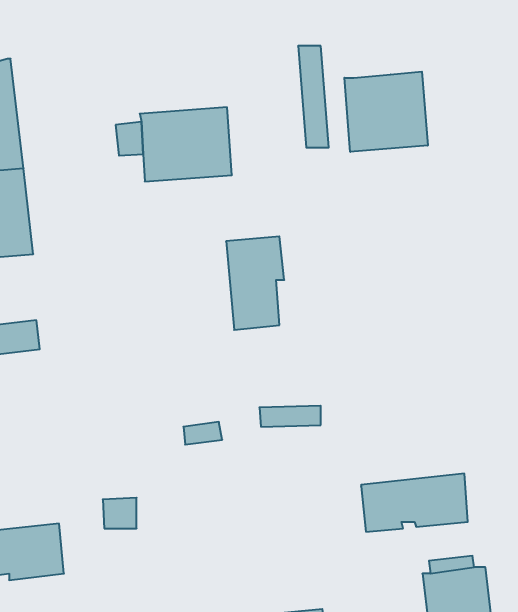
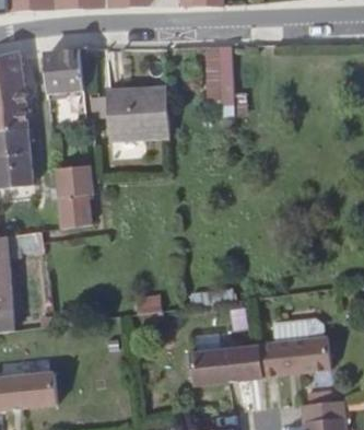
building: none -> [44,49,84,96]
building: [344,72,428,152] -> none
building: [226,236,284,330] -> [56,165,95,229]
building: none -> [188,345,260,384]

